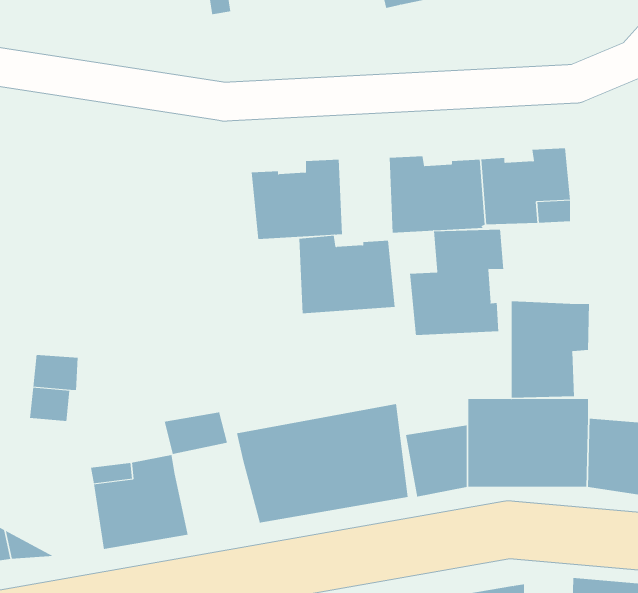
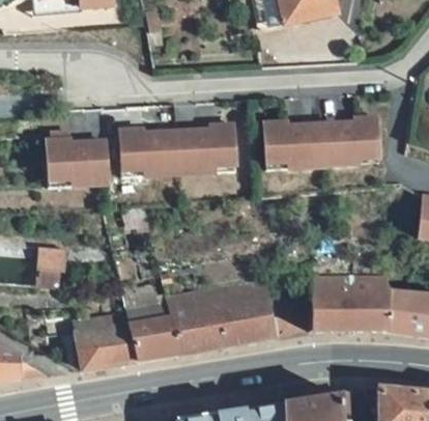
building: none -> [46,140,108,190]
building: [410,229,504,336] -> none
building: [299,235,395,314] -> [119,129,180,178]
building: [511,300,590,399] -> none
building: none -> [128,314,181,361]

